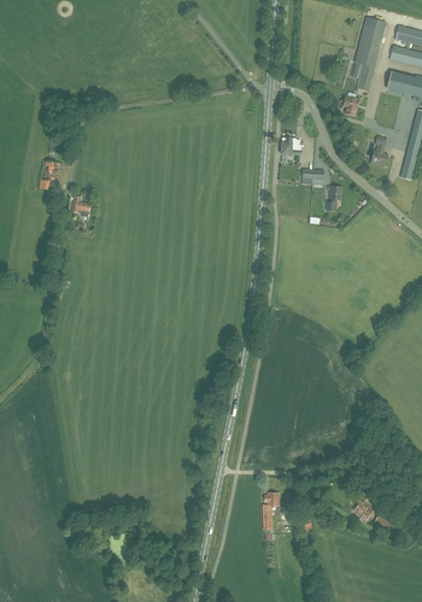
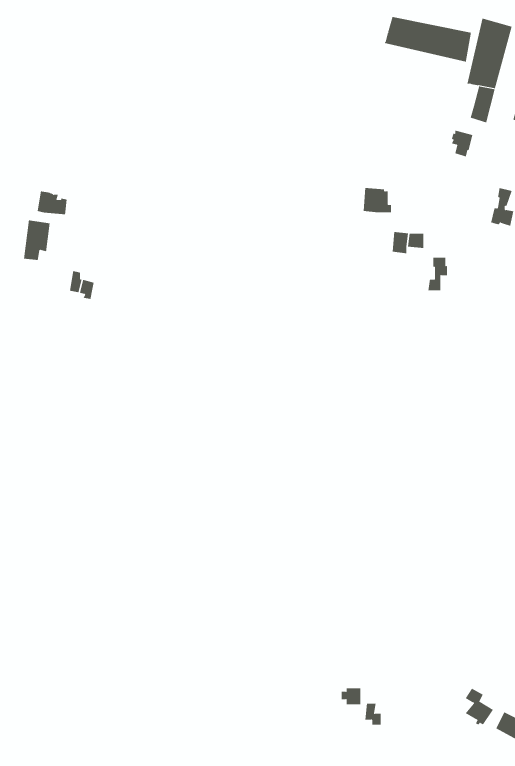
building: none -> [384,16,471,63]

